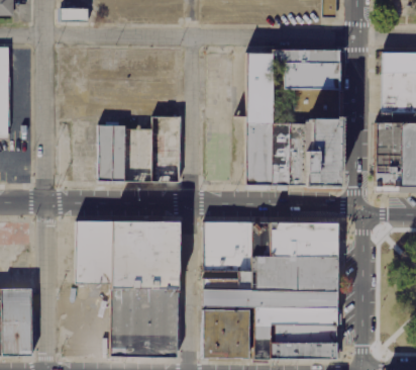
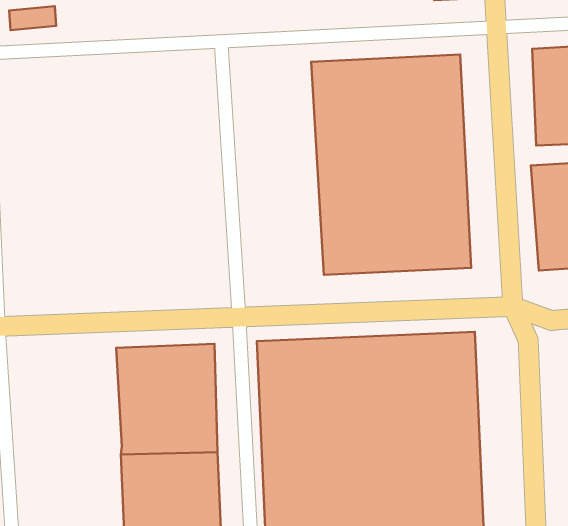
building: [100,114,179,179] -> none
building: [78,220,116,281] -> none

